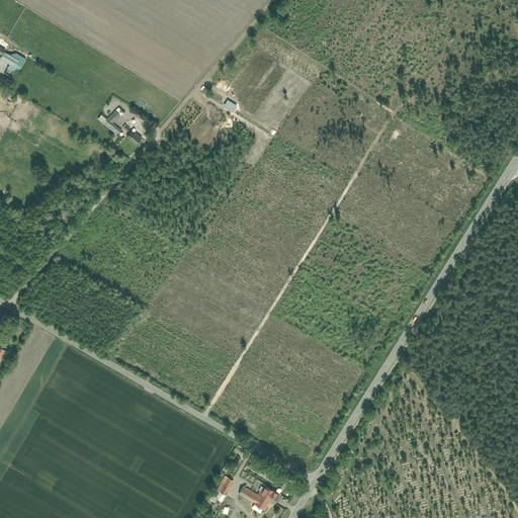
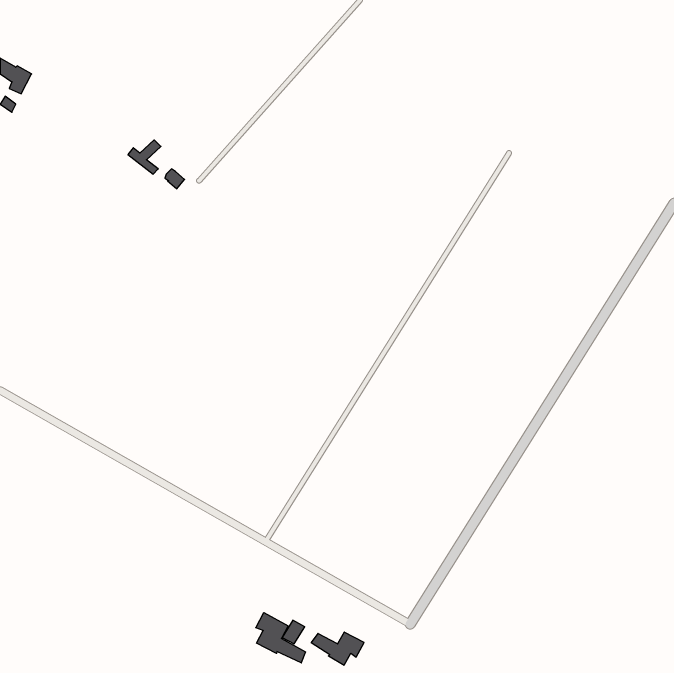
building: none -> [256,613,305,663]

